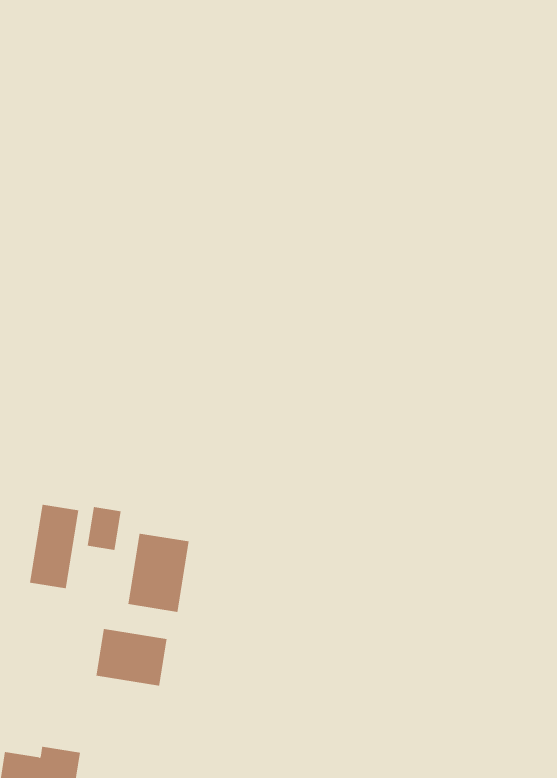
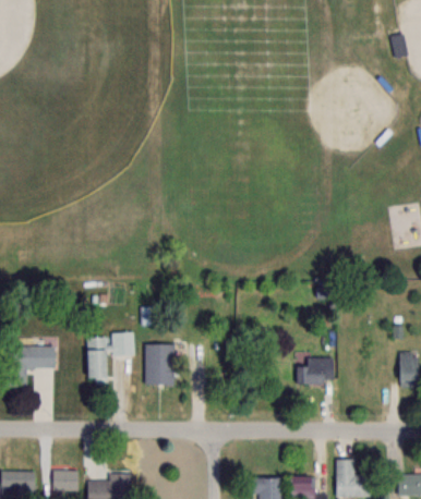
building: none -> [298,357,334,384]
building: [96,628,167,686] -> none

